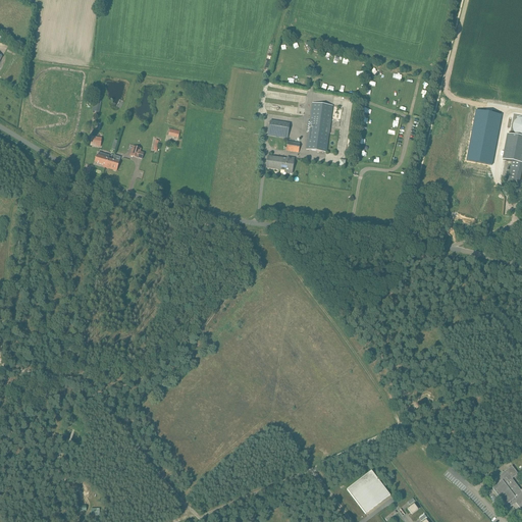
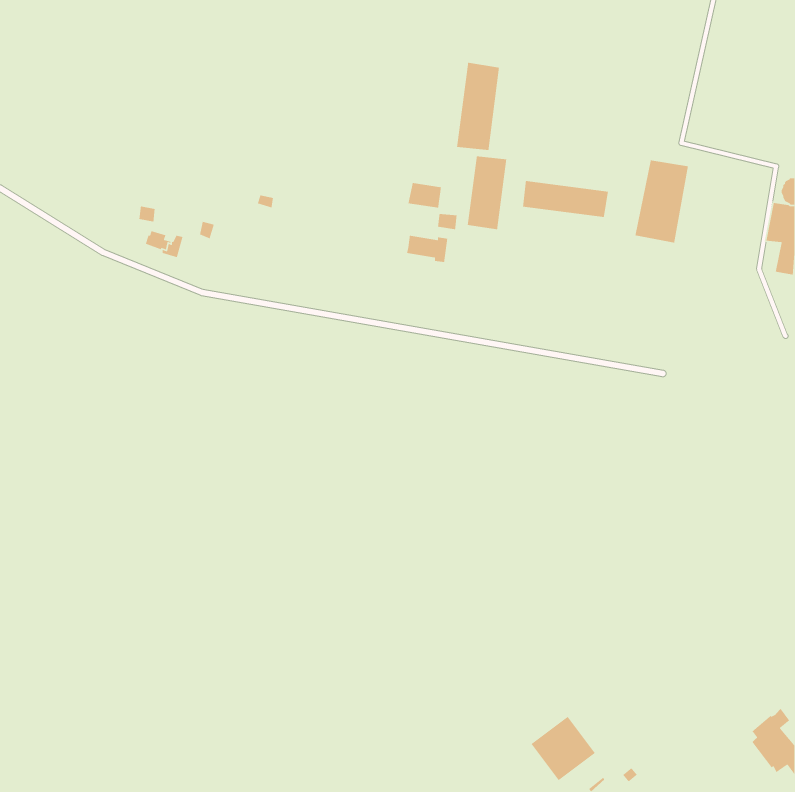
building: none -> [456,62,500,151]
building: [466,109,502,164] -> [634,160,689,244]
building: none -> [522,180,609,218]

